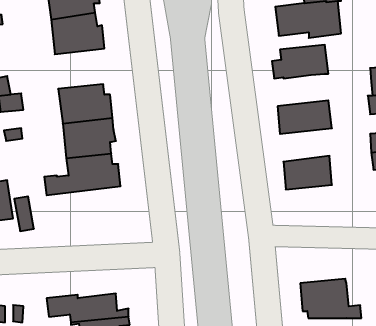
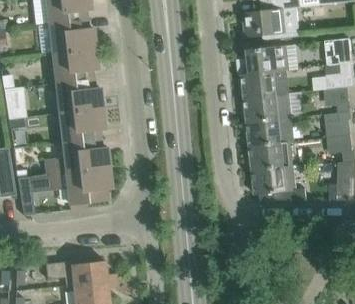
building: none -> [52,48,98,83]
building: none -> [242,70,289,98]
building: none -> [247,117,294,146]
building: none -> [45,167,111,203]
building: [300,279,361,318] -> [253,166,306,200]

